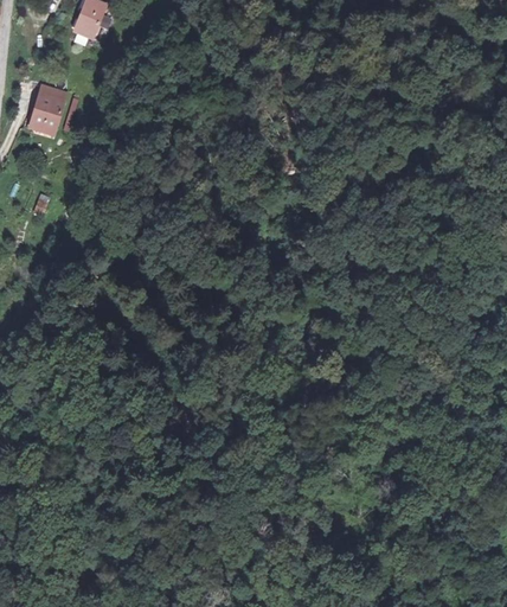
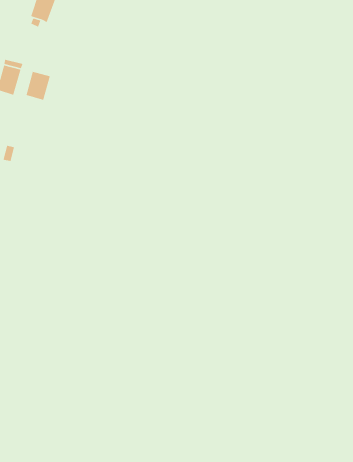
building: none -> [26,71,51,101]

